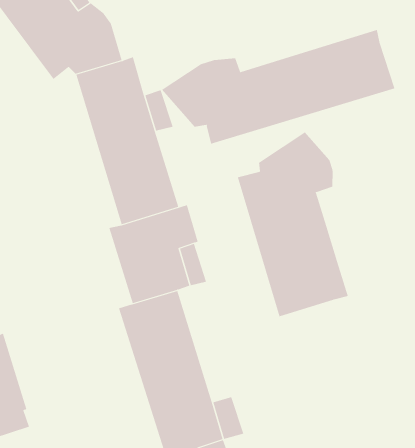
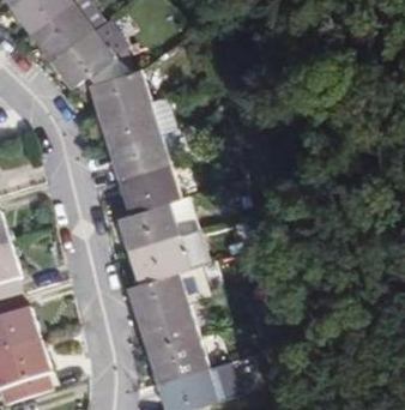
building: [161,29,395,144] -> none
building: [237,132,348,317] -> none

